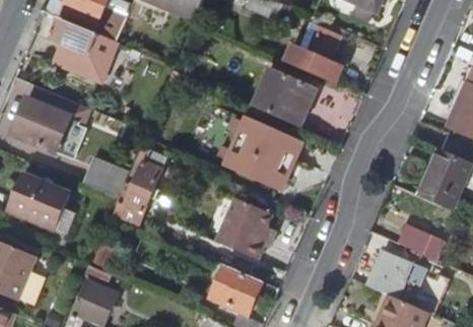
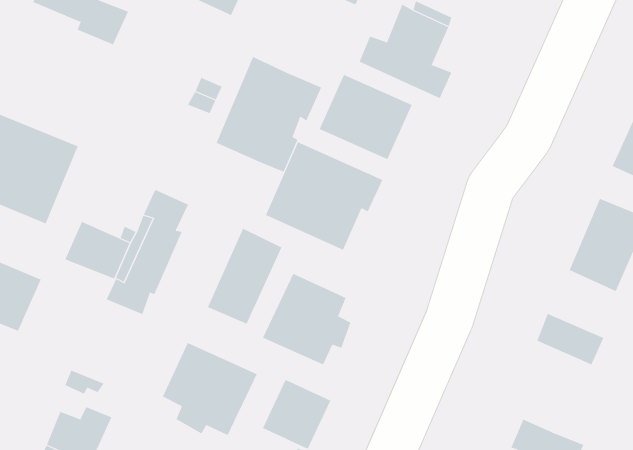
building: [51,22,117,88] -> none
building: none -> [216,56,322,172]
building: none -> [207,228,282,324]
building: none -> [162,342,258,436]
building: [366,250,424,303] -> none

